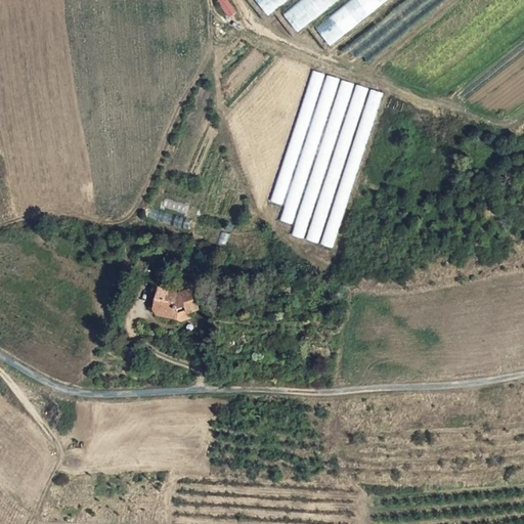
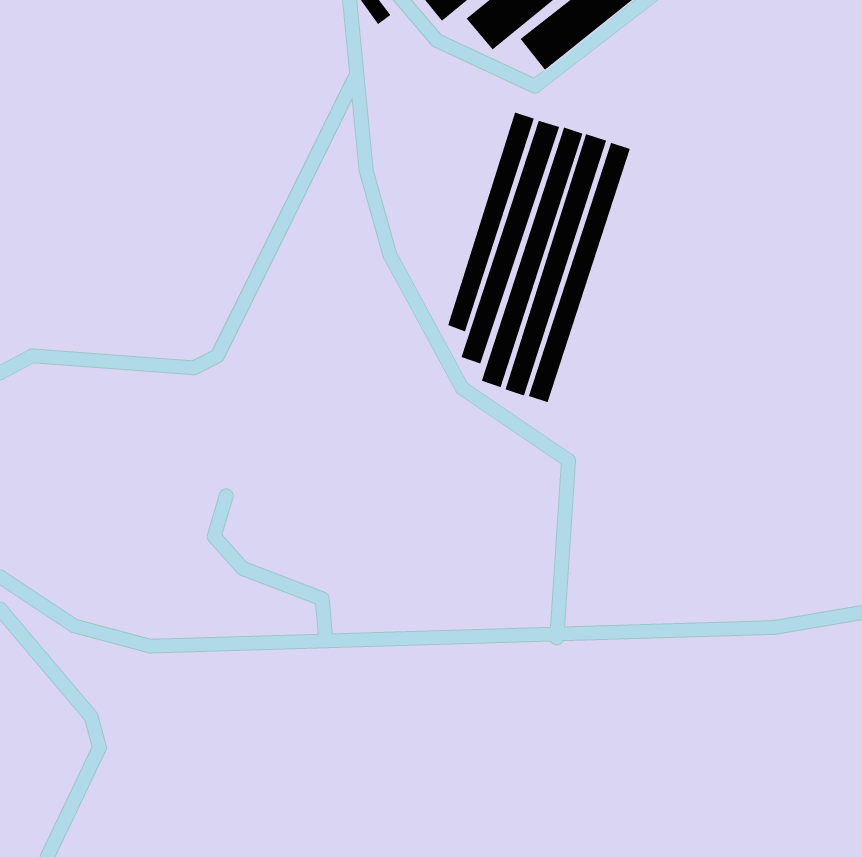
building: [152,287,198,318] -> none

